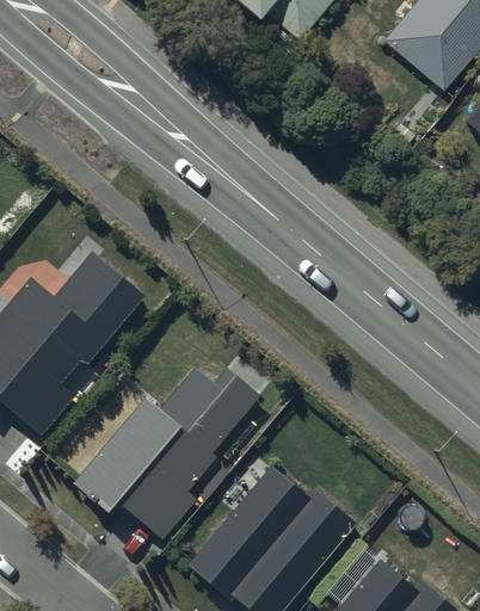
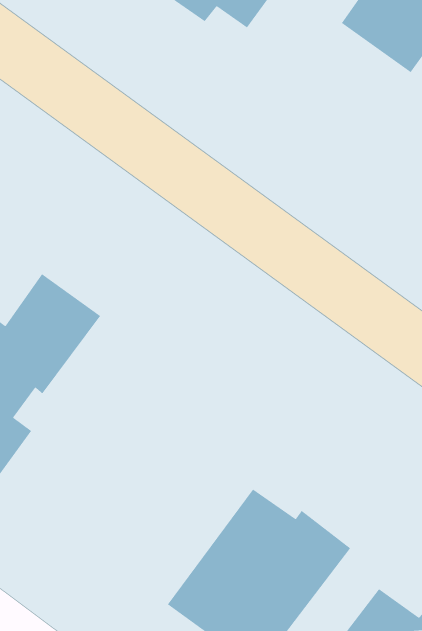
building: [76,365,263,539] -> none

